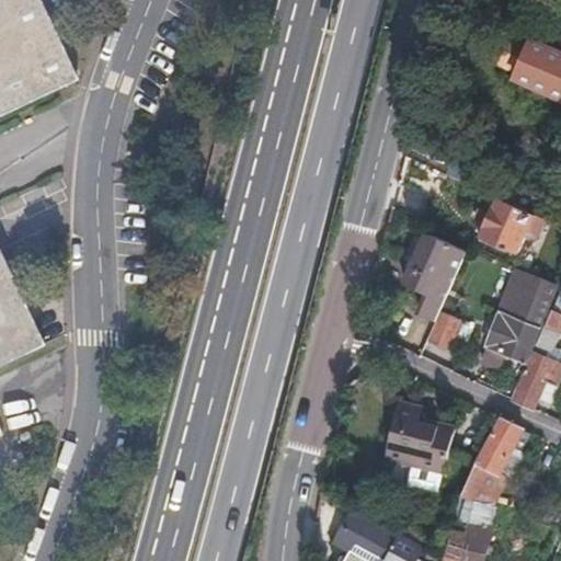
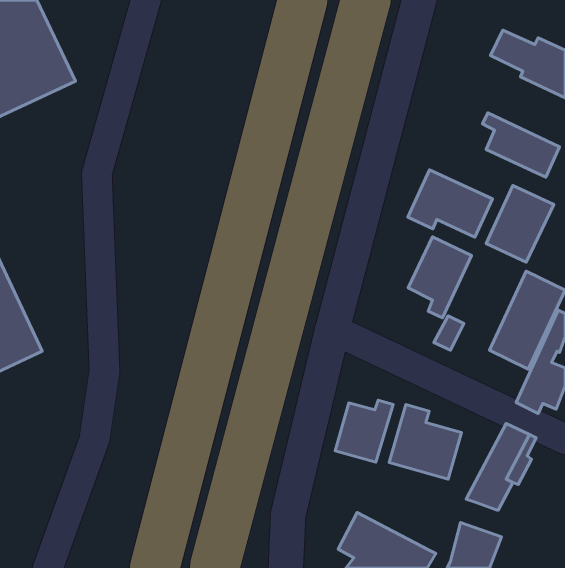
building: none -> [482,113,560,177]
building: none -> [408,170,493,237]
building: none -> [335,400,393,462]

